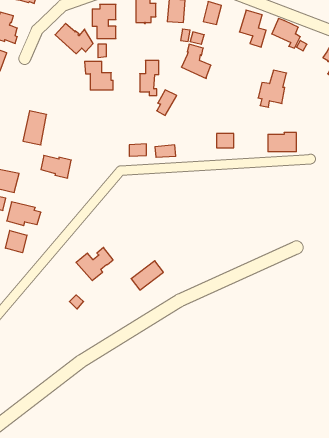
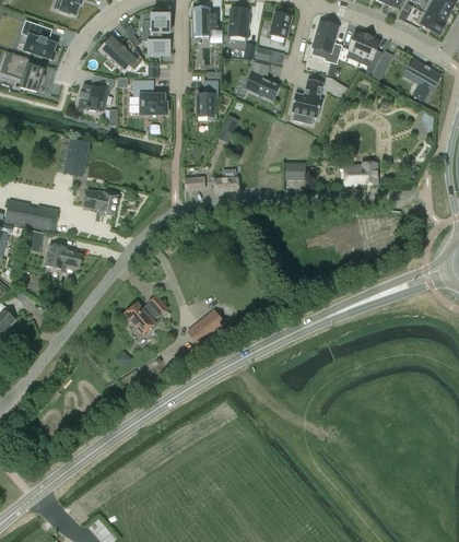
building: none -> [78,73,114,110]
building: [258,70,287,107] -> [293,78,326,120]
building: [5,230,27,253] -> none

